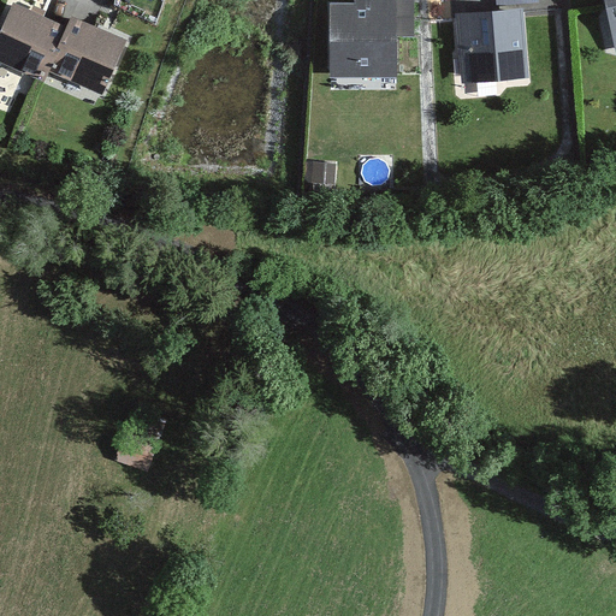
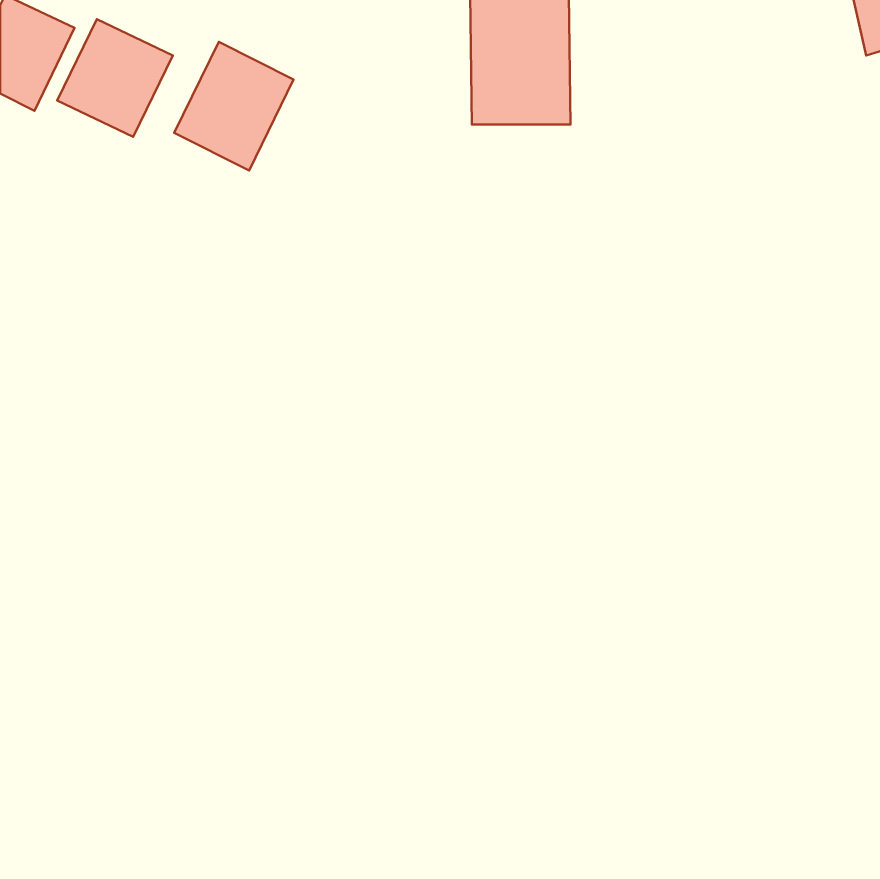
building: [454,5,533,85] -> none
building: none -> [174,42,294,170]

